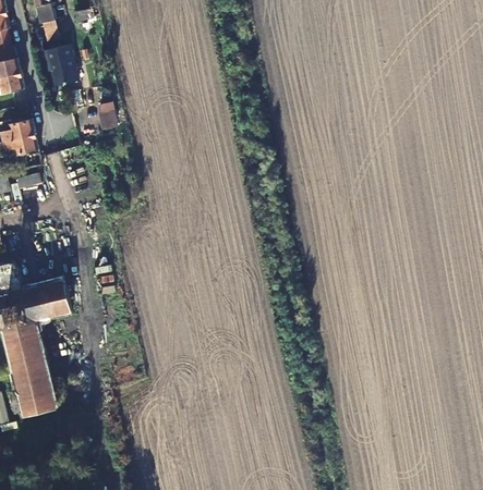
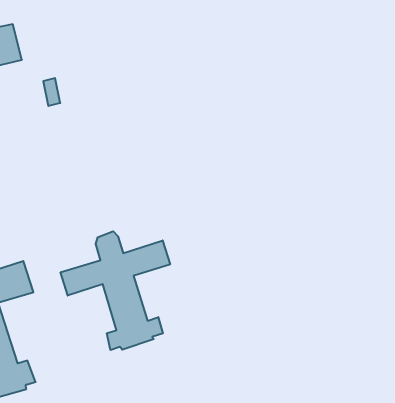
building: none -> [61,231,170,350]

